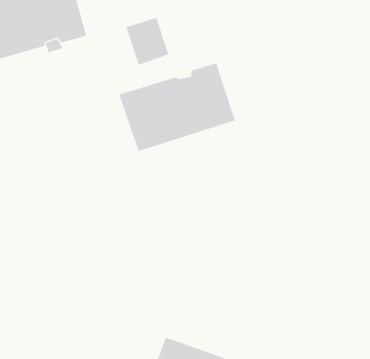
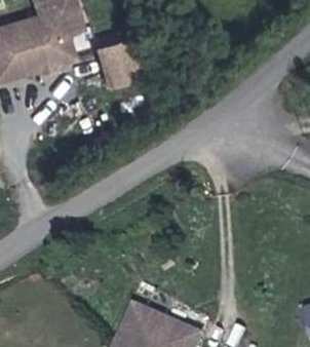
building: [118,62,235,152] -> none

